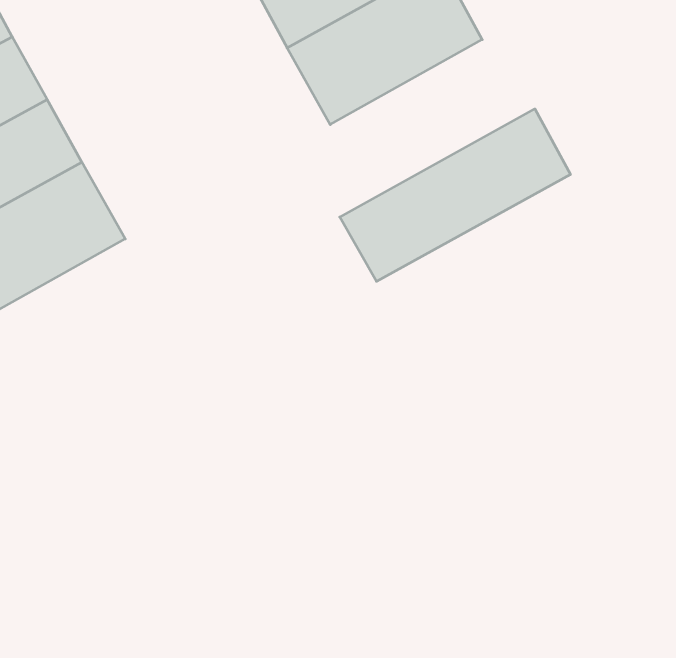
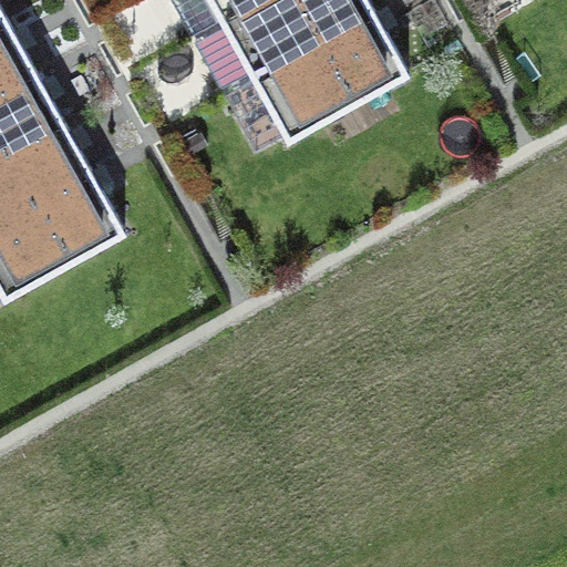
building: [340,109,570,281] -> none

